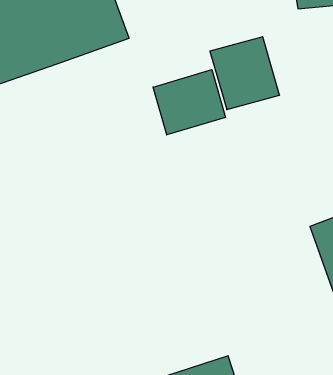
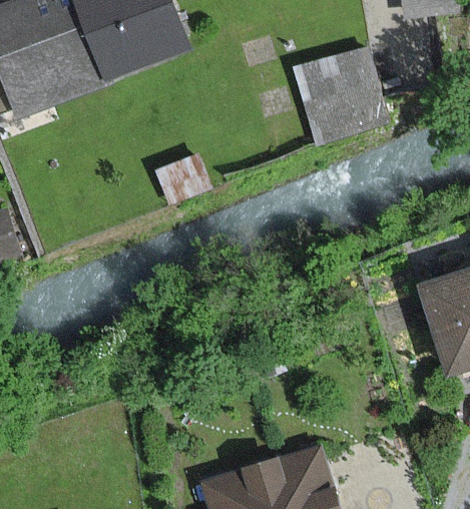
building: [153,70,226,135] -> none

